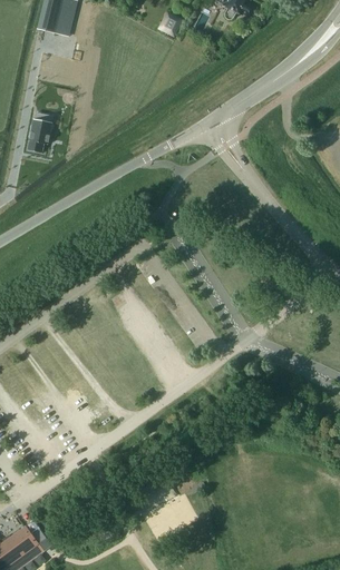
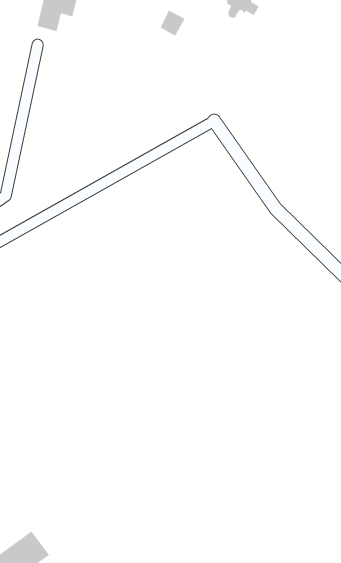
building: [27,119,51,154] -> none

